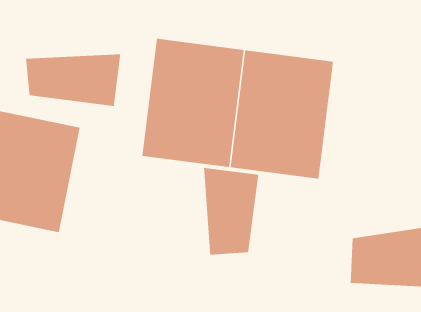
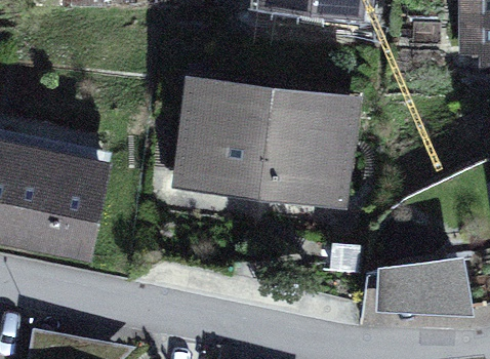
building: [25,54,121,107] -> none
building: [204,167,259,256] -> none

